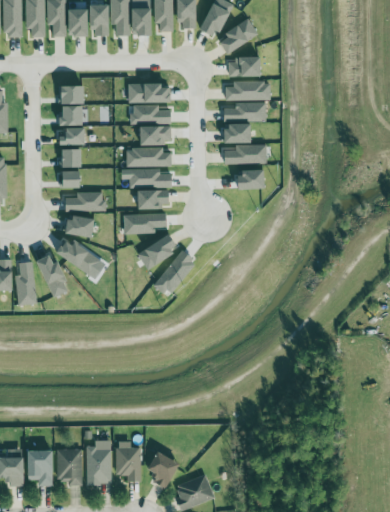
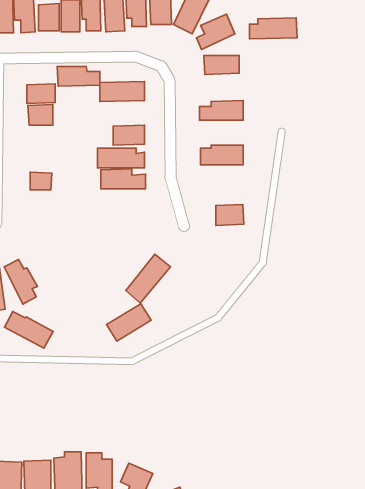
building: [225,81,271,101] -> [249,18,297,39]
building: [130,105,171,124] -> [57,66,100,86]
building: [224,126,252,144] -> none
building: [60,128,86,146] -> none
building: [60,150,82,168] -> none
building: [239,170,266,190] -> [216,205,244,225]
building: [138,190,169,209] -> none
building: [65,192,106,212] -> none
building: [123,213,166,234] -> none
building: [67,218,94,236] -> none
building: [137,234,180,270] -> [106,304,151,341]
building: [54,239,101,274] -> [4,312,53,348]

